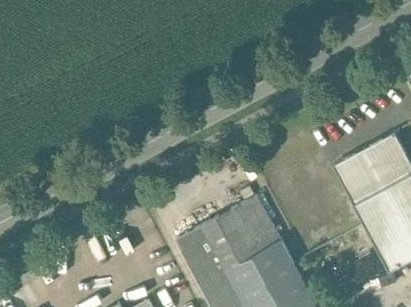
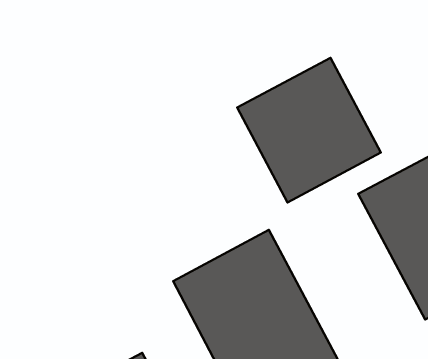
building: none -> [237,58,381,202]

